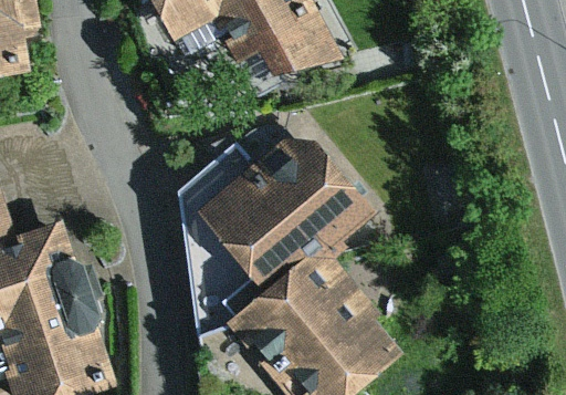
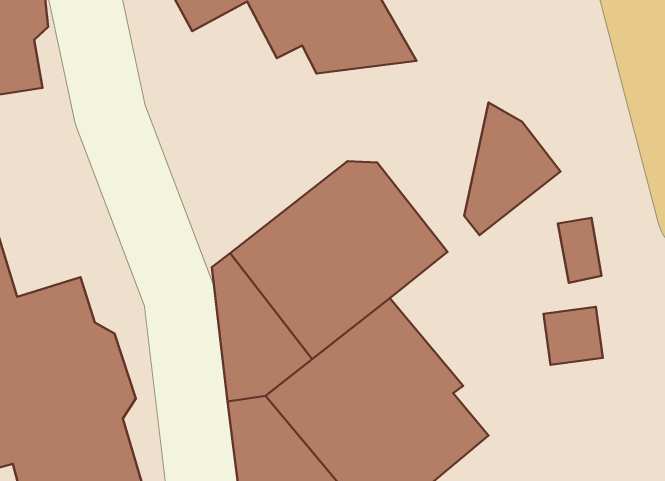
building: none -> [464,103,561,235]

